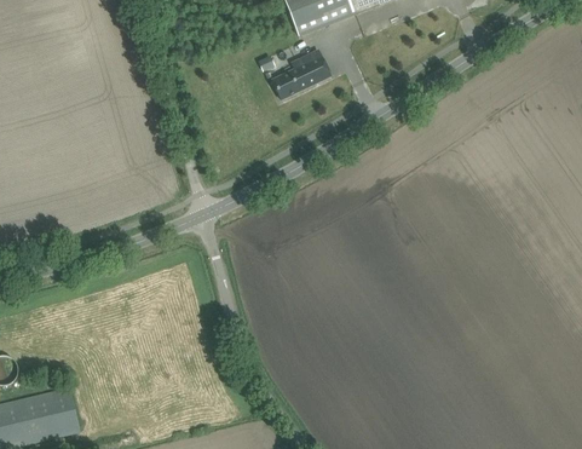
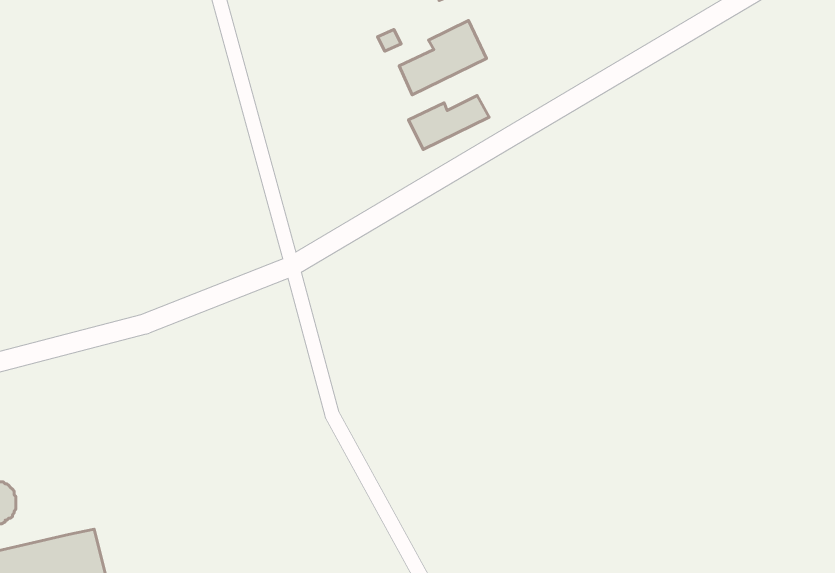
building: none -> [408,95,489,149]

